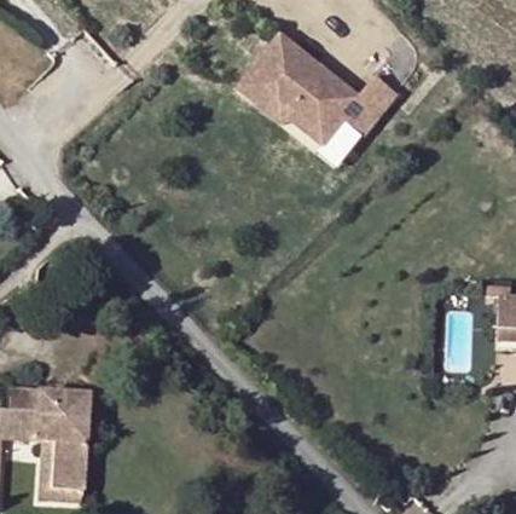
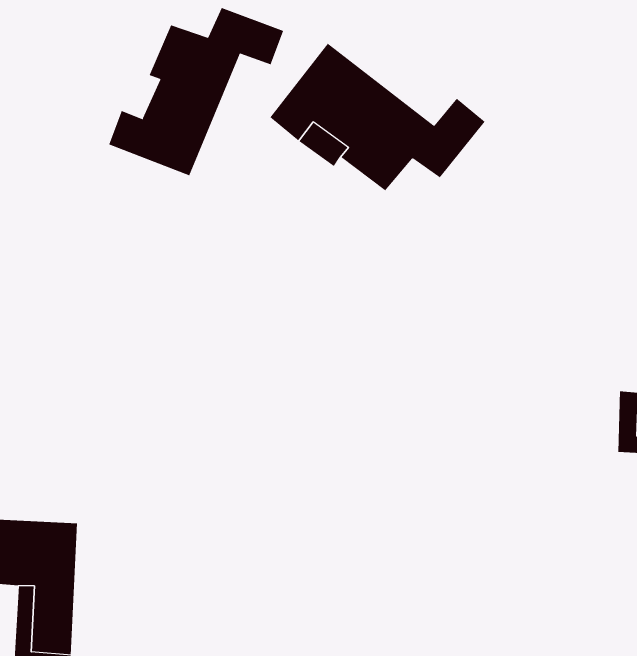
building: none -> [109,7,284,176]

